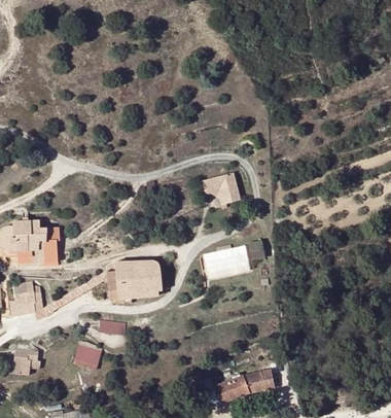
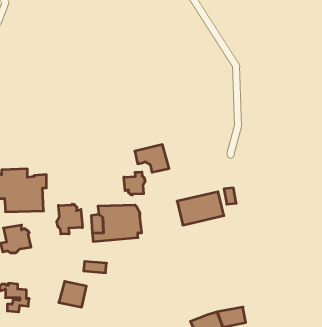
building: [202,174,239,204] -> [135,145,169,172]
building: none -> [124,172,145,195]
building: none -> [57,204,82,234]

